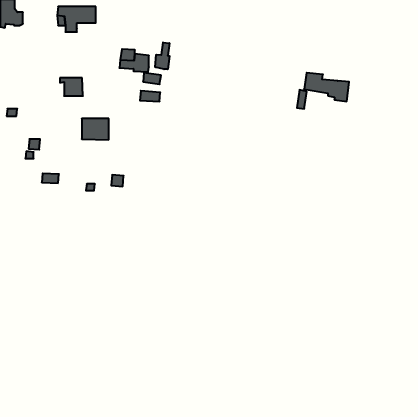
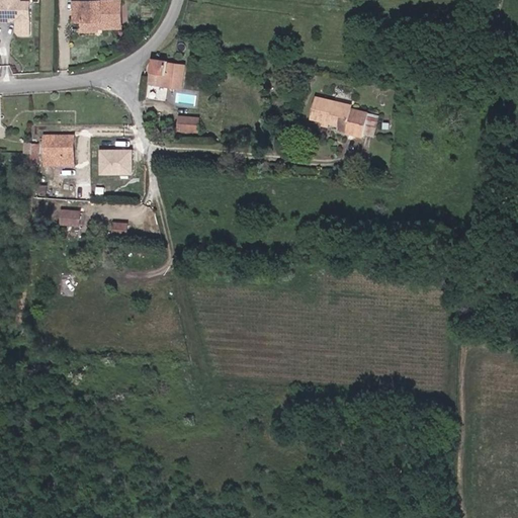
building: [155,42,170,69] -> none
building: [304,73,349,101] -> [310,94,365,130]
building: [60,78,83,96] -> [34,141,63,163]

